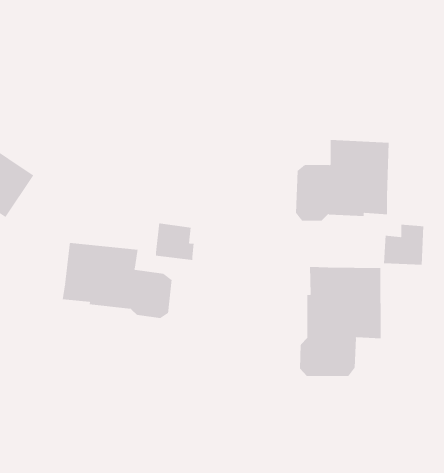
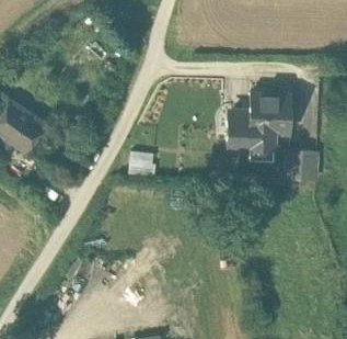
building: [62,242,172,319] -> none
building: [299,266,381,377] -> none

